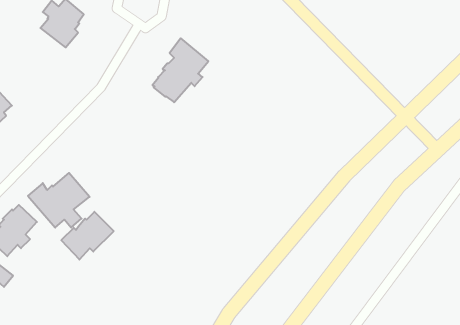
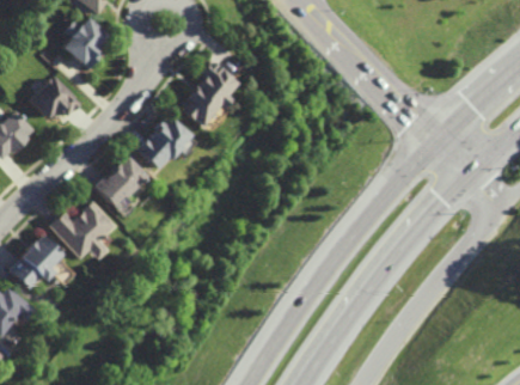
building: none -> [31,77,84,120]
building: none -> [135,117,190,171]
building: [61,212,114,260] -> [93,158,148,208]

